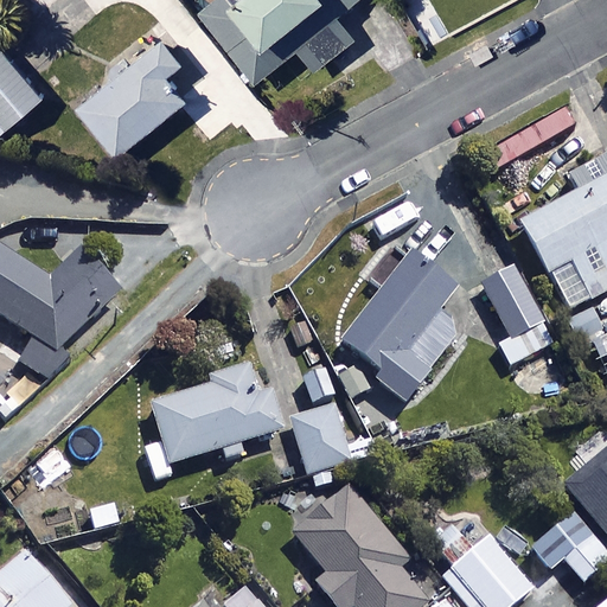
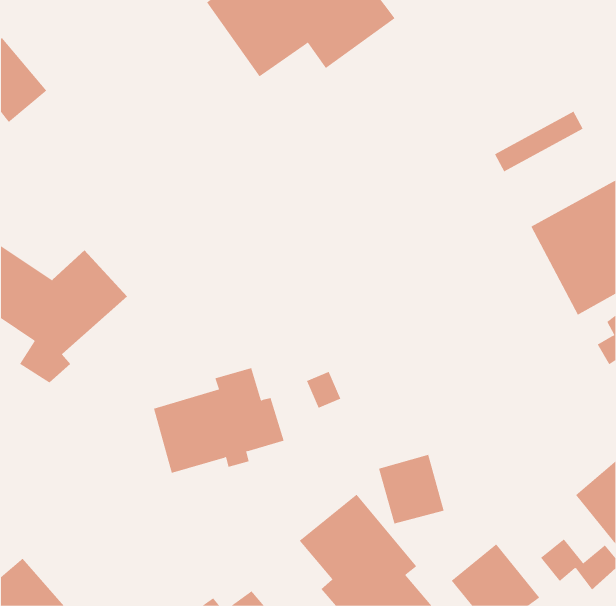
building: [79,31,187,149] -> none
building: [341,250,461,403] -> none
building: [481,263,554,364] -> none
building: [286,403,351,472] -> [378,454,444,524]

